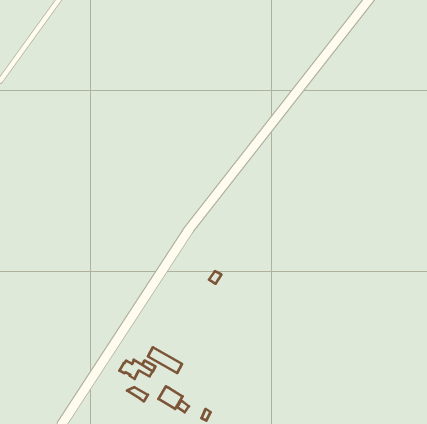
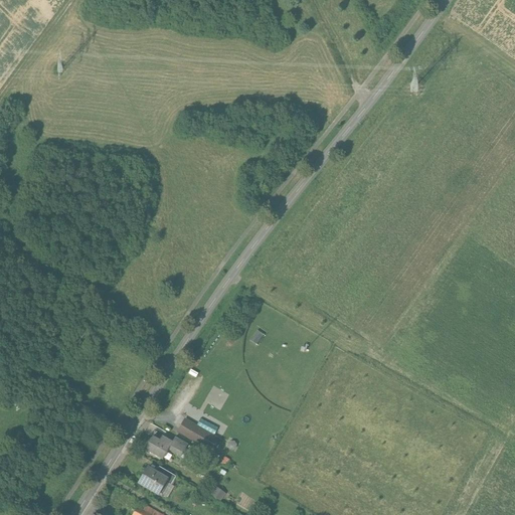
building: [158,386,183,409] -> [140,469,169,496]

